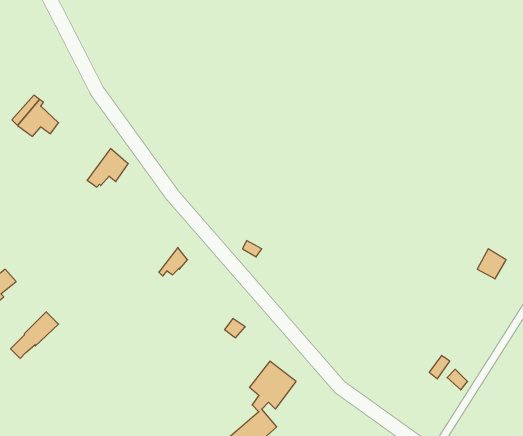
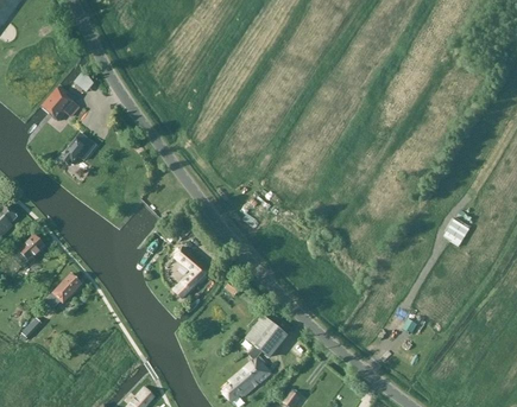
building: [87,149,128,187] -> [59,133,95,166]
building: none -> [174,247,210,301]

